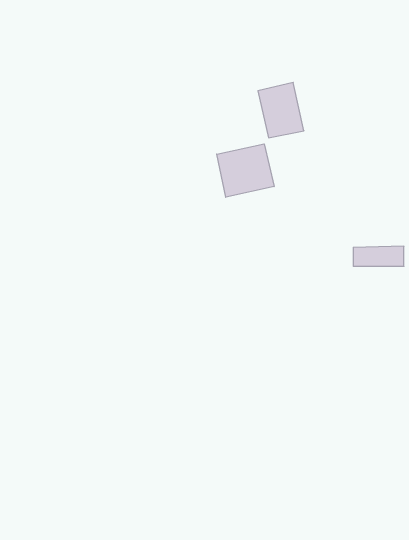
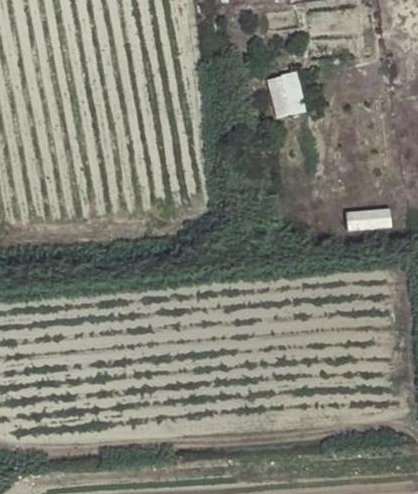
building: [217,144,274,197] -> none

